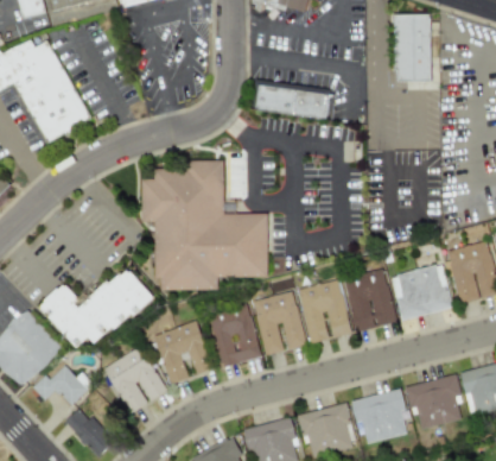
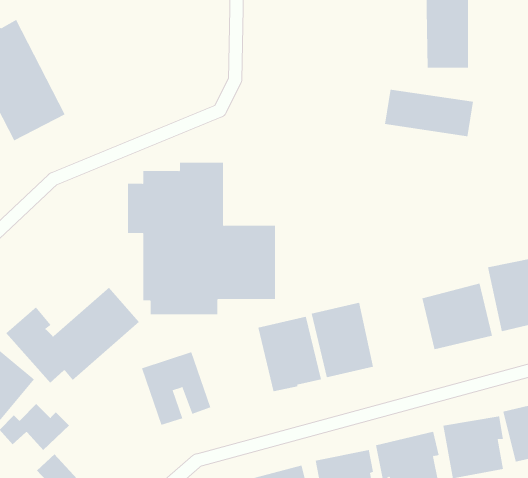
building: [254,80,330,120] -> [384,89,474,137]
building: [344,269,394,330] -> none
building: [208,304,261,367] -> none
building: [103,347,165,413] -> none

